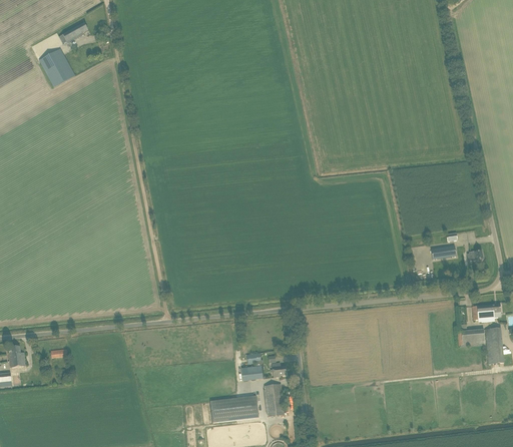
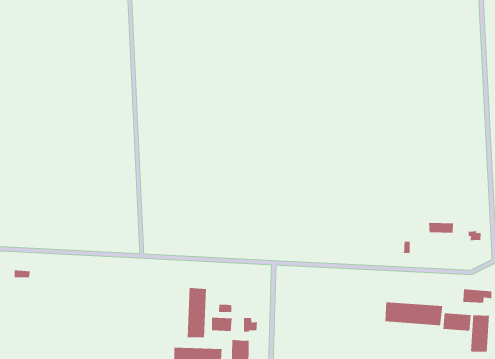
building: none -> [385,301,443,326]
building: none -> [187,287,207,338]

